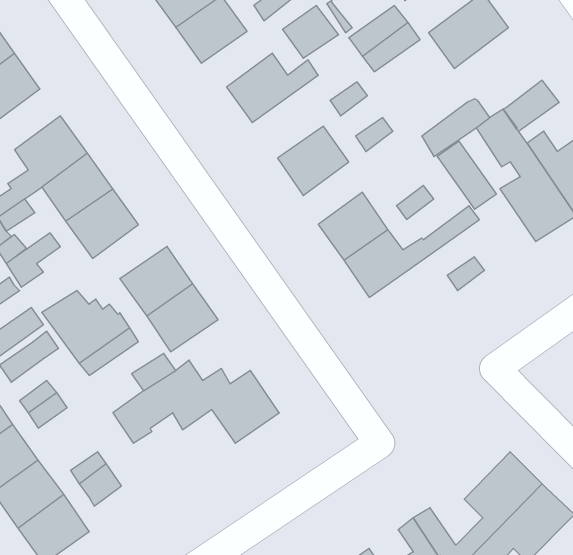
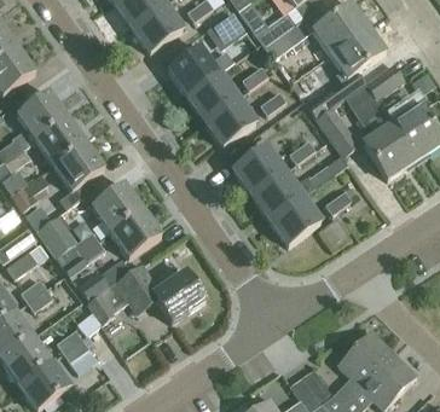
building: none -> [330,27,387,80]
building: none -> [186,60,237,120]
building: none -> [270,196,320,244]

